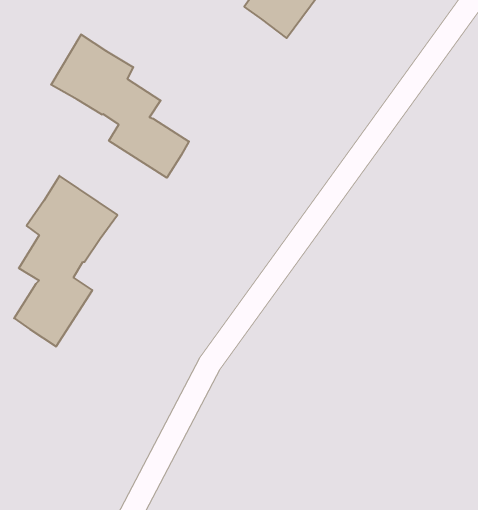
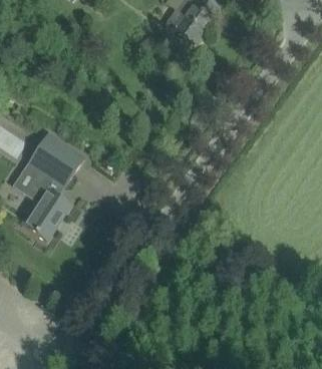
building: [51,34,189,178] -> none

